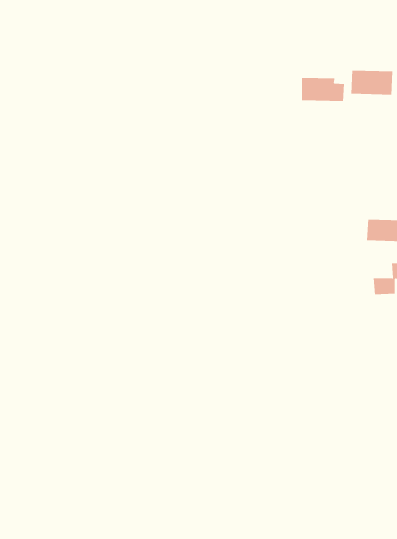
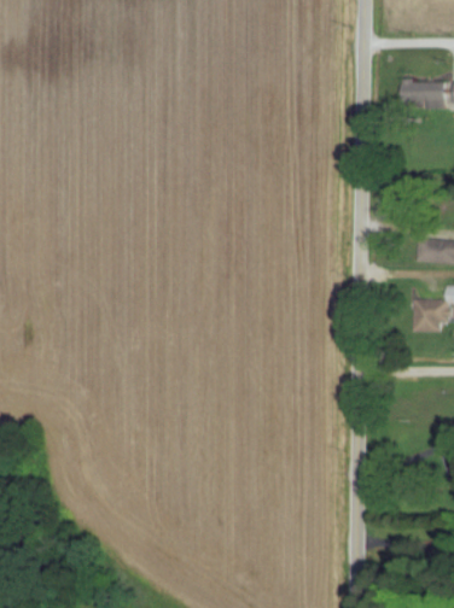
building: [301,77,345,102] -> none

